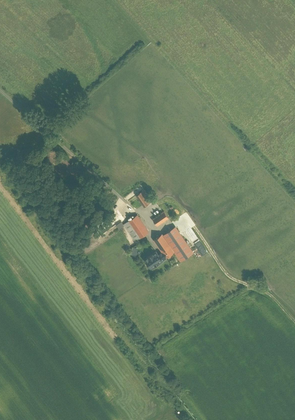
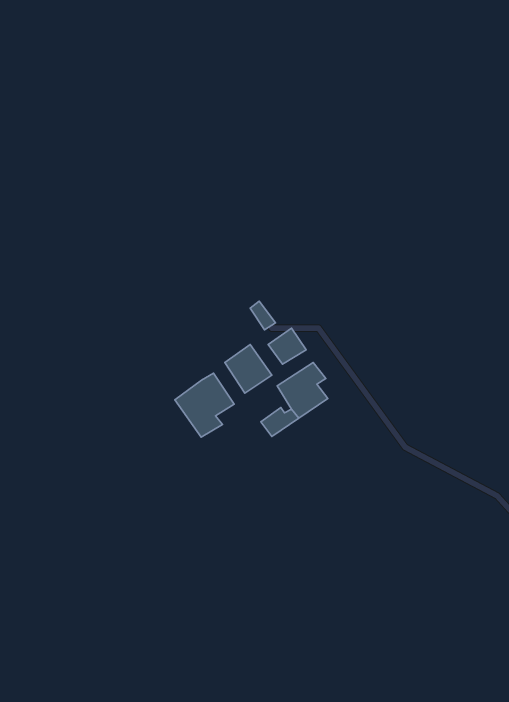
building: none -> [175,373,234,437]

